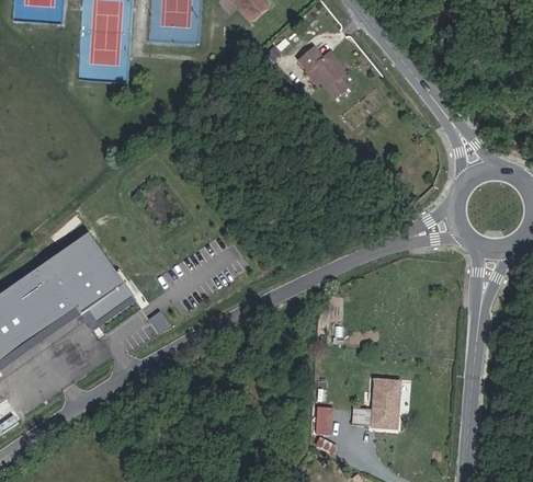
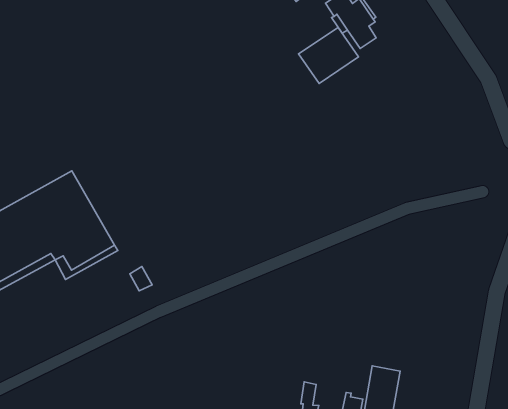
building: none -> [299,27,358,83]

